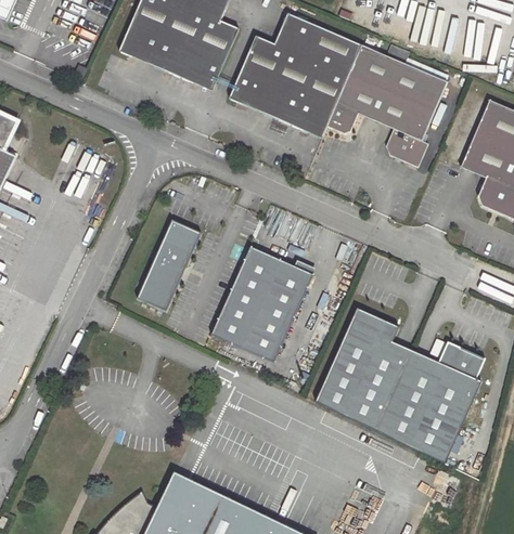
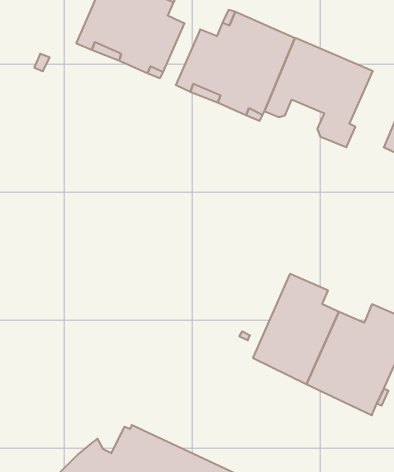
building: [139,219,202,309] -> none
building: [211,245,313,360] -> none

